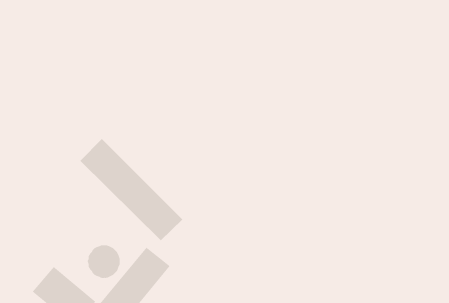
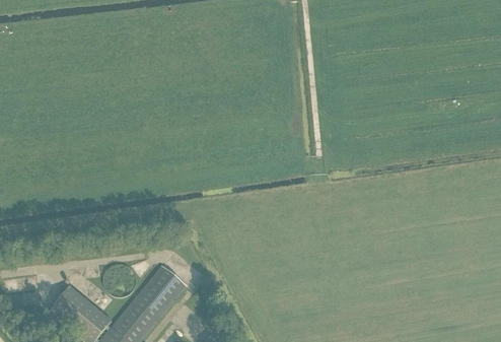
building: [80,138,183,241] -> none

